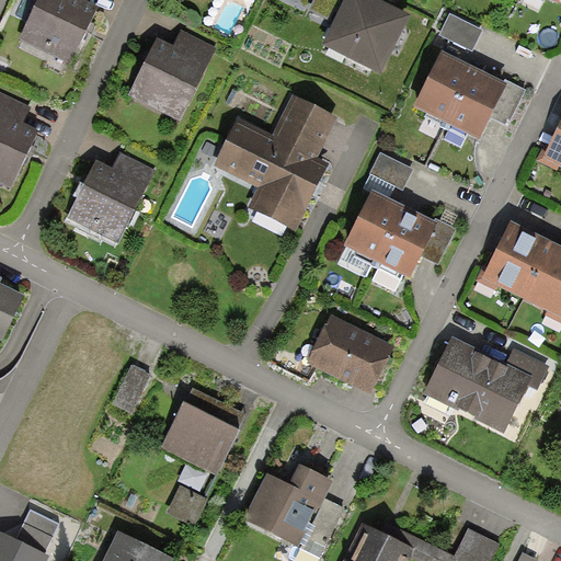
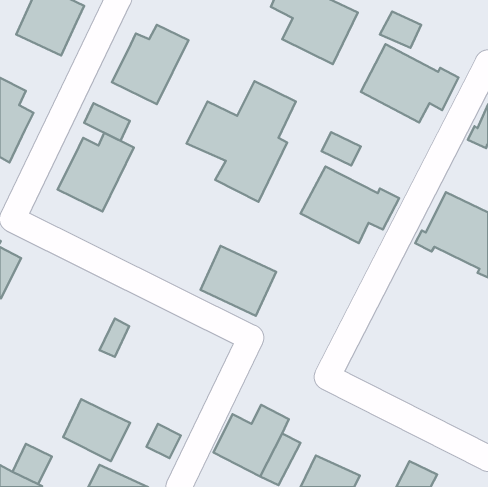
building: none -> [84,103,130,141]
building: [308,312,394,392] -> [200,246,276,316]
building: [423,339,553,433] -> none
building: [162,402,239,473] -> [63,399,130,461]

